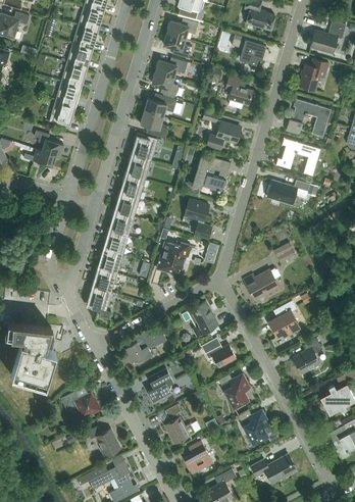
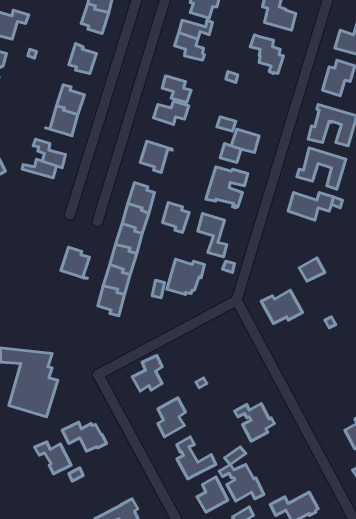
building: [72,24,97,52] -> none
building: [155,57,188,78] -> none
building: [61,62,86,90] -> none
building: [225,76,252,109] -> none
building: [140,111,168,139] -> none
building: [126,152,151,180] -> [163,202,189,232]
building: [86,284,112,312] -> [61,247,90,278]
building: [182,301,218,336] -> none
building: [269,301,299,338] -> none
building: [201,337,236,366] -> none
building: [293,338,322,372] -> none
building: [238,410,278,444] -> [219,464,264,501]
building: [87,426,120,456] -> [35,442,71,474]

